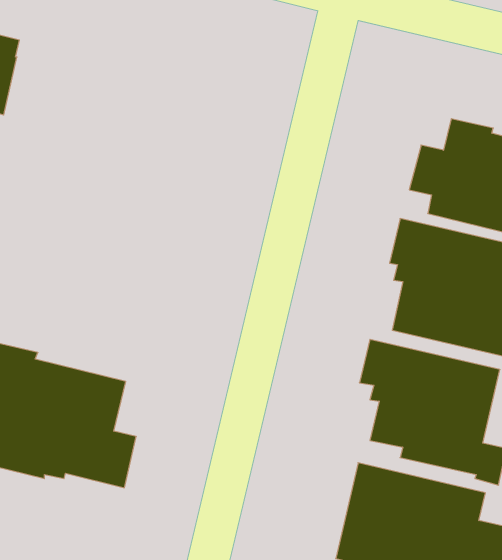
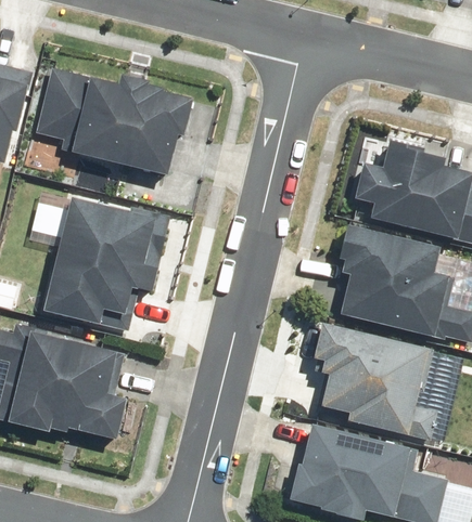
building: none -> [36,70,196,178]
building: none -> [47,200,170,327]

